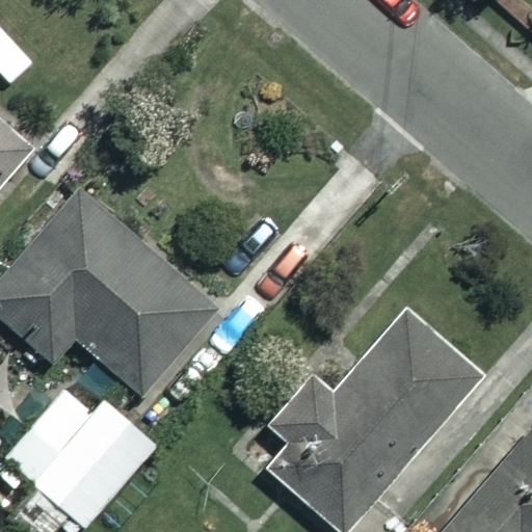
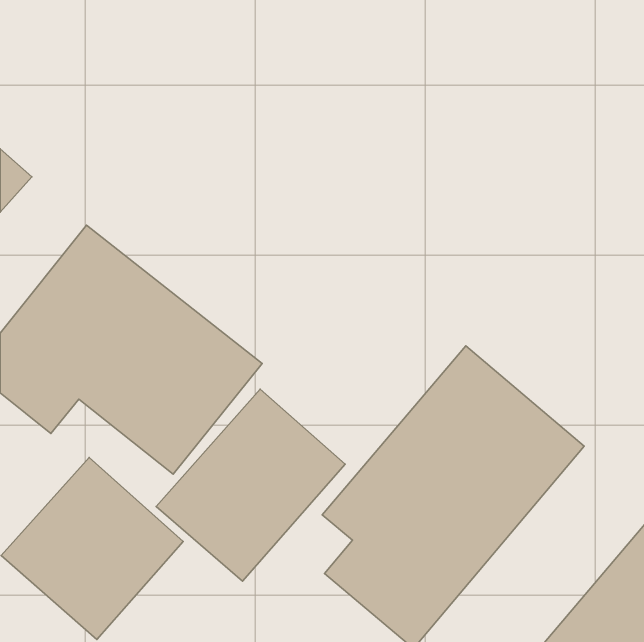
building: none -> [156,389,345,581]

